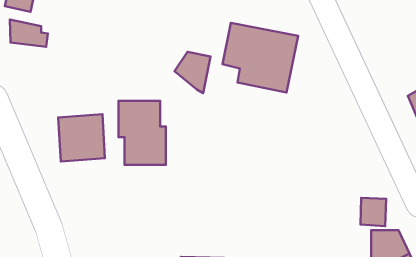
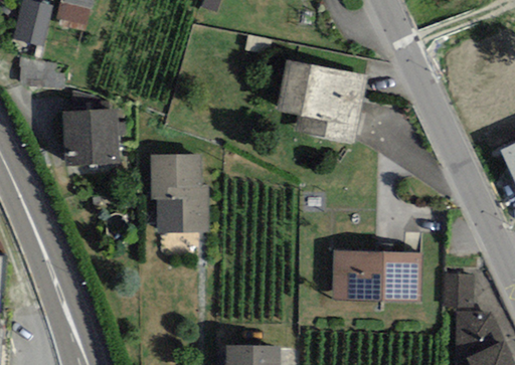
building: [174,52,211,93] -> none
building: [58,114,105,161] -> [62,108,119,165]
building: none -> [332,248,421,300]

